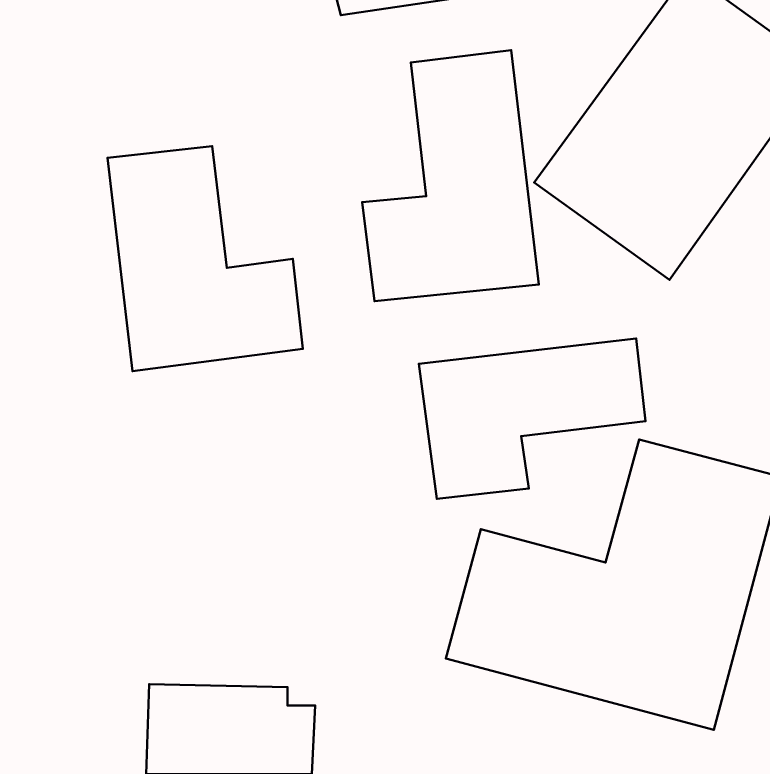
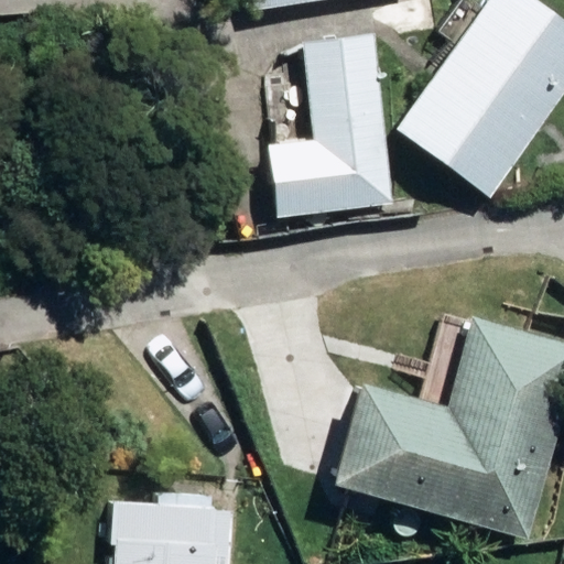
building: [108,146,303,371] -> none
building: [419,338,645,499] -> none

